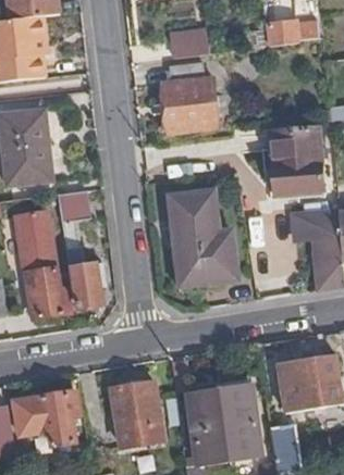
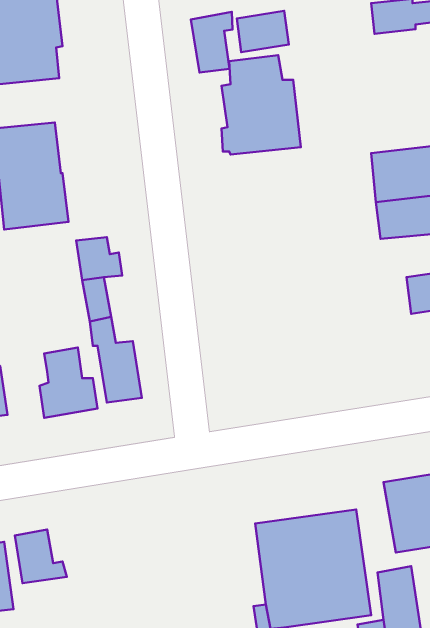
building: none -> [191,12,233,73]
building: [169,190,232,283] -> none
building: [19,211,58,287] -> none
building: [107,380,168,452] -> none
building: [36,391,77,443] -> none

